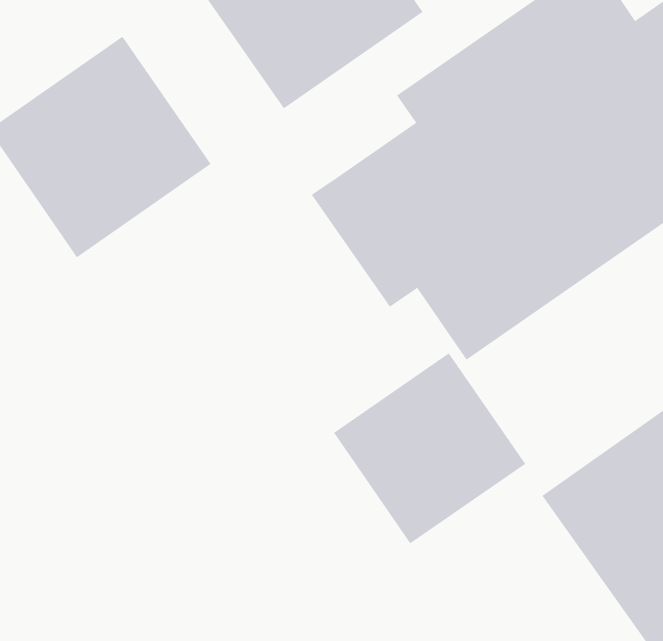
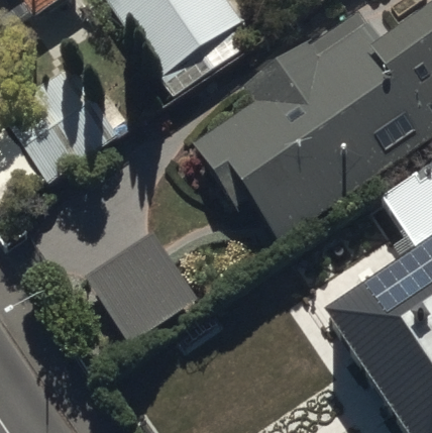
building: [333,353,526,544] -> [83,226,197,339]

